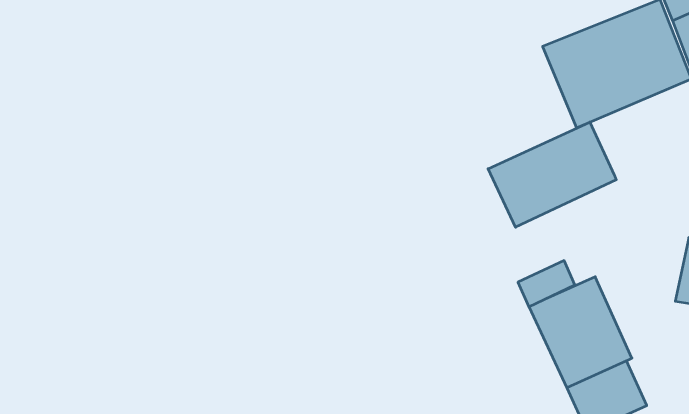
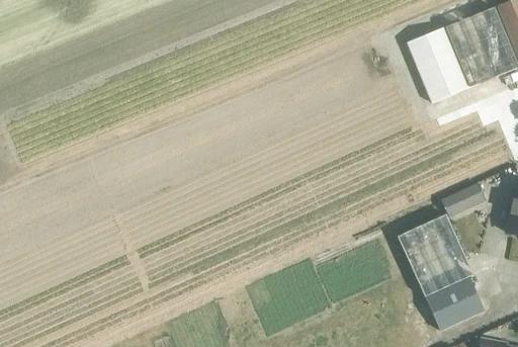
building: [488,122,616,227] -> none
building: [518,261,575,307] -> [446,180,489,214]

